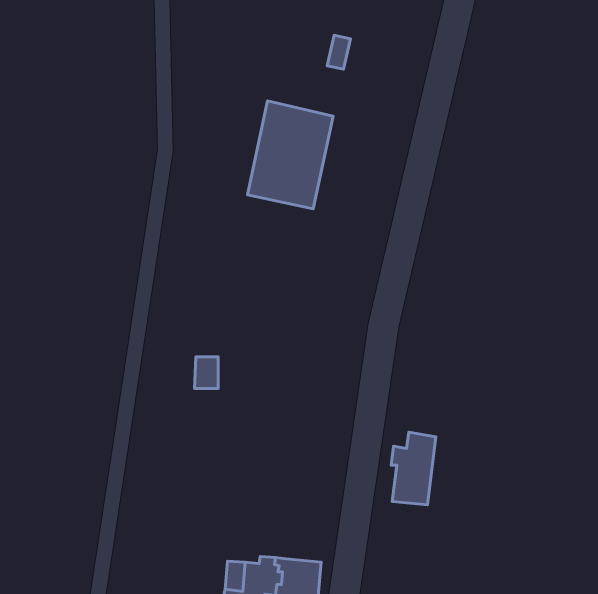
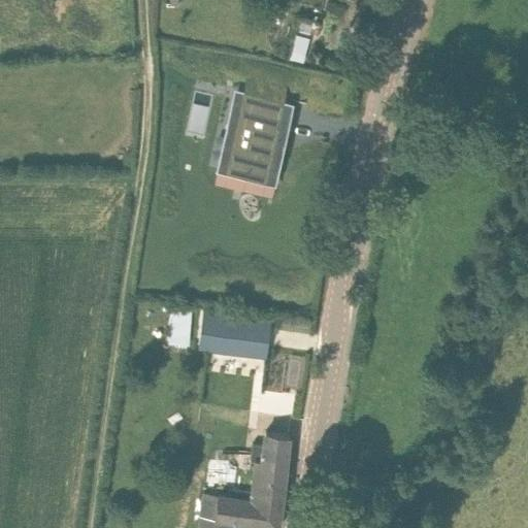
building: none -> [197,315,269,360]
building: [391,432,436,505] -> [252,435,291,499]

